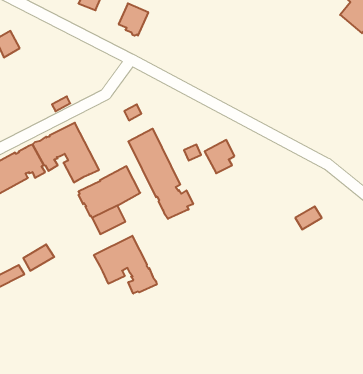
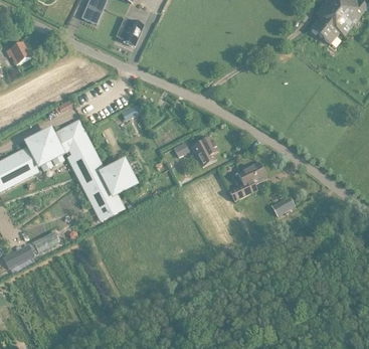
building: [128,129,193,219] -> none
building: none -> [231,162,265,199]
building: [94,236,157,294] -> none

